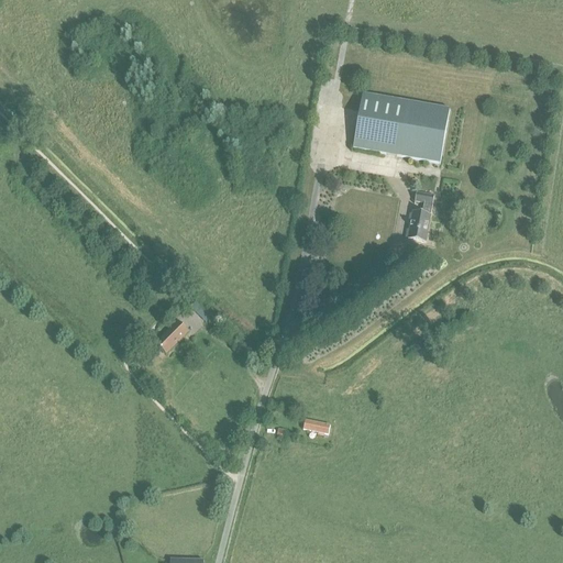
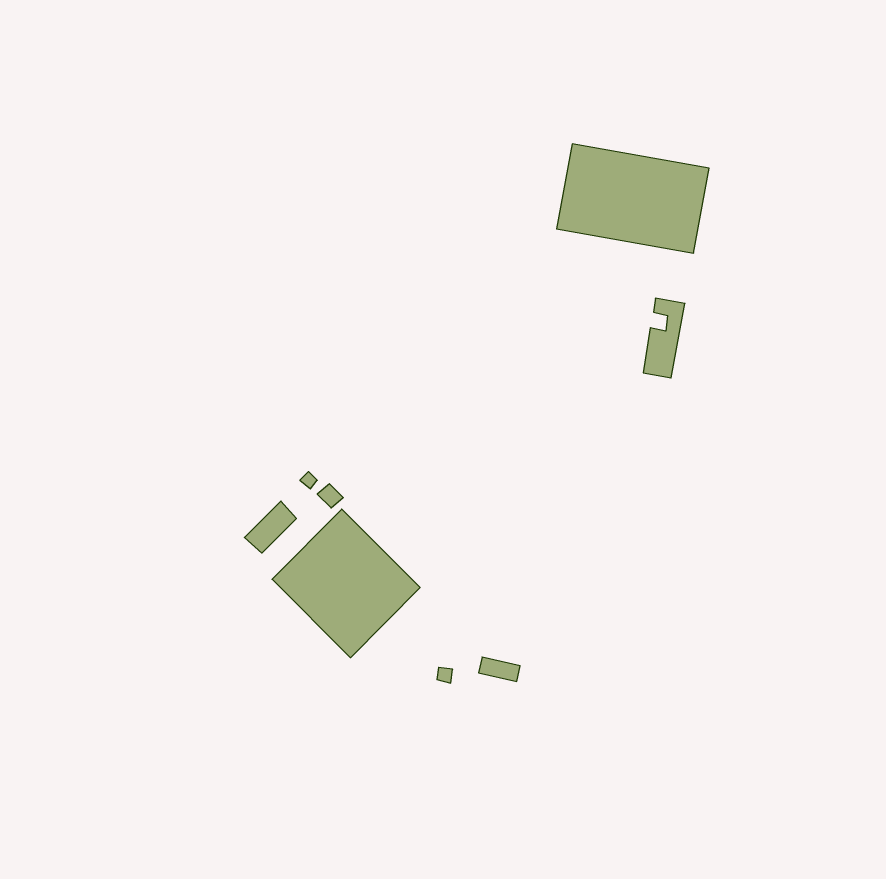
building: none -> [272,509,420,658]

